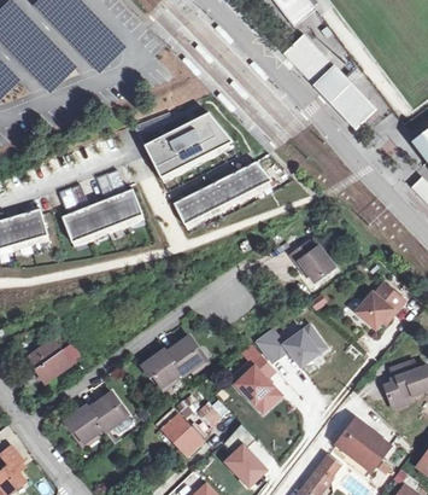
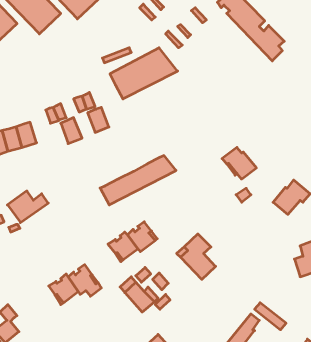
building: [172,161,271,225] -> [100,156,176,205]
building: [96,196,124,228] -> none
building: [61,209,89,241] -> none
building: [254,325,324,366] -> none
building: [27,340,80,382] -> [7,191,48,223]
building: [339,420,389,468] -> none
building: [222,424,266,485] -> none

